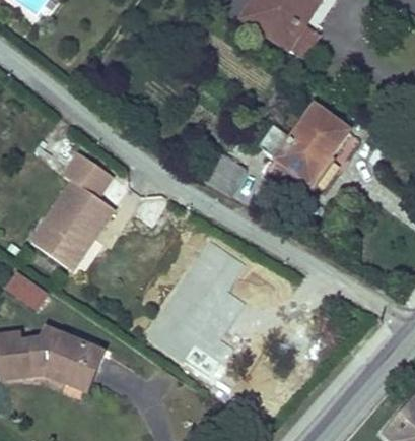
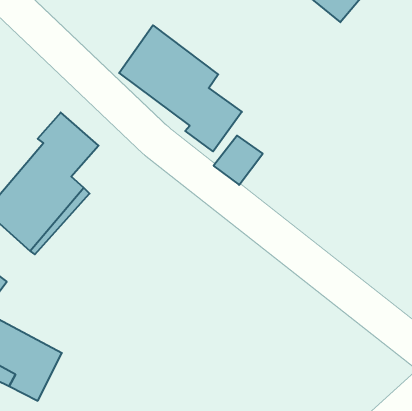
building: none -> [119,25,242,151]
building: [260,107,350,186] -> none

